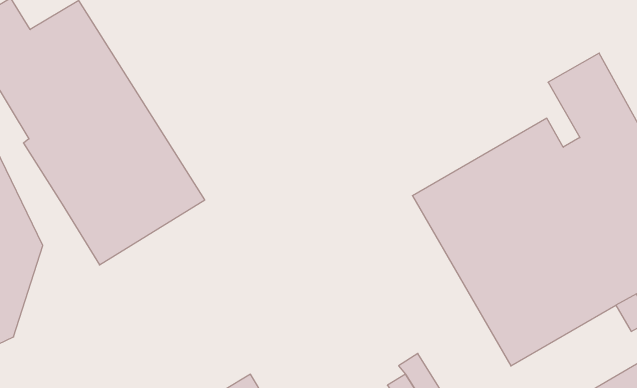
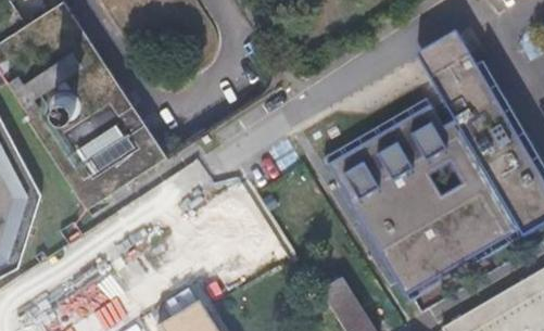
building: none -> [422,23,476,68]

